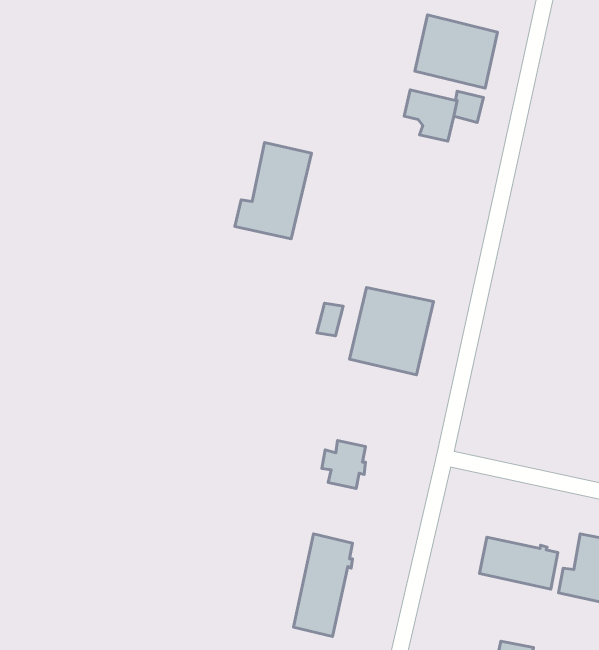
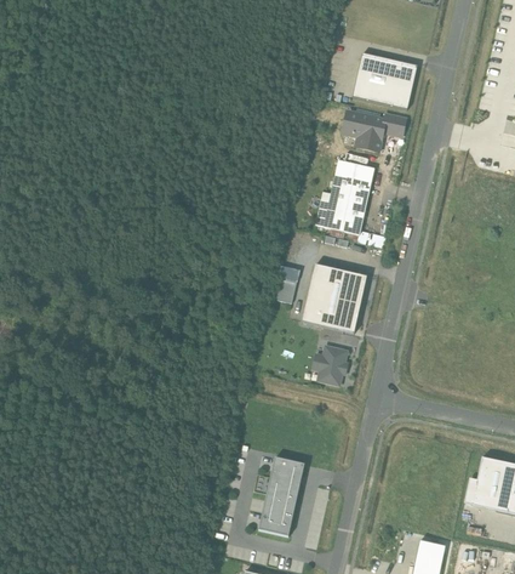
building: [235,142,311,239] -> [315,159,374,234]
building: [322,440,366,489] -> [313,346,347,383]
building: [480,537,558,589] -> none

